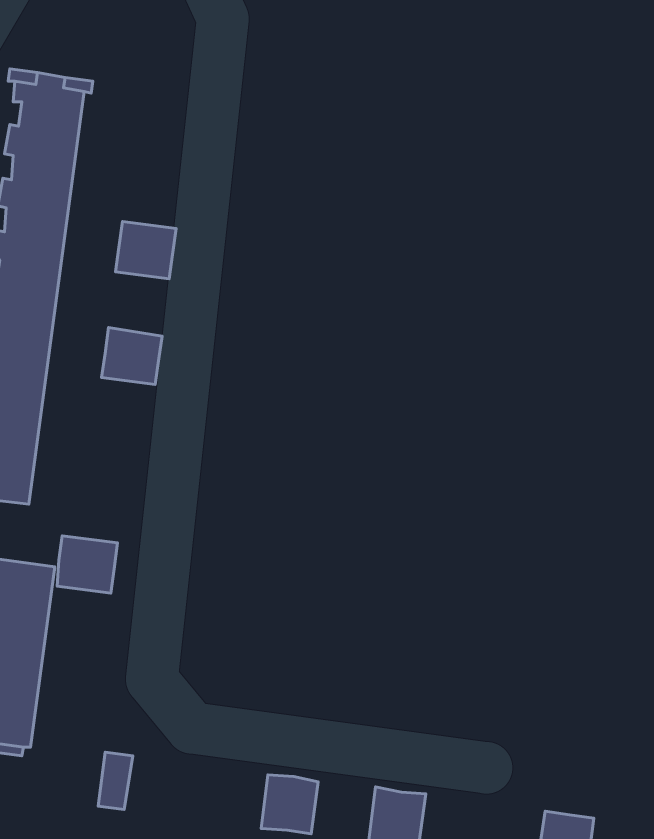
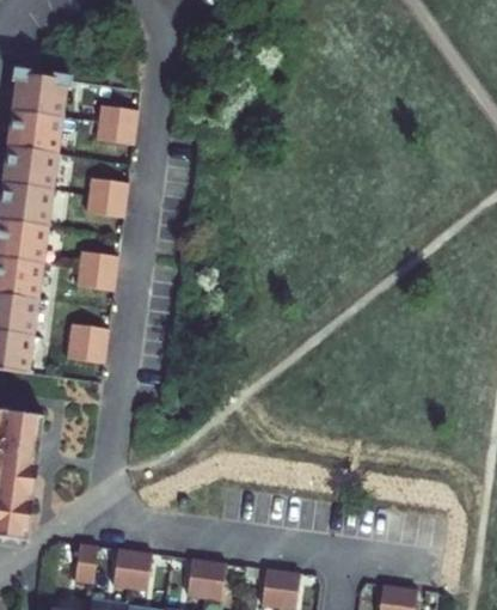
building: none -> [96,105,137,144]
building: [57,536,118,593] -> [67,323,109,362]
building: none -> [112,548,152,590]

